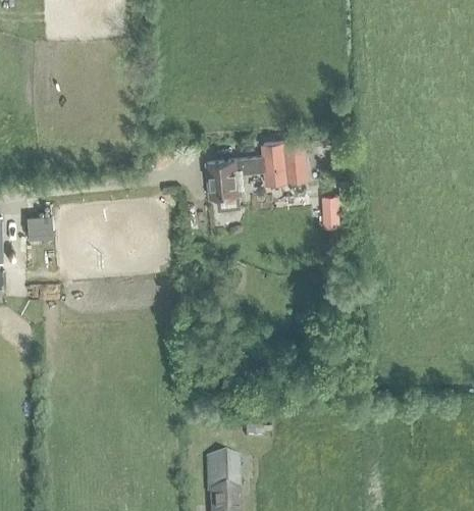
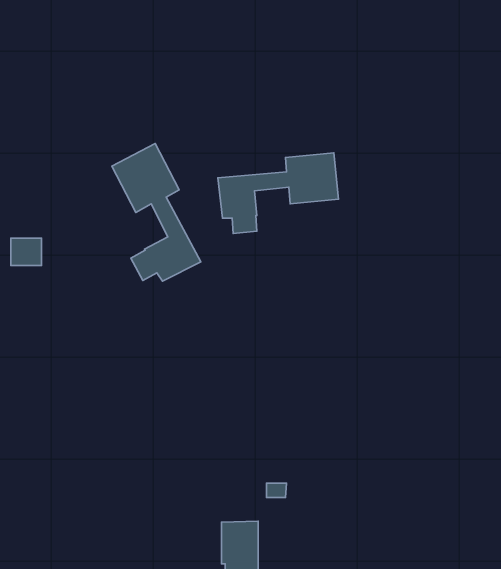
building: none -> [112,144,201,281]
building: [322,196,340,228] -> none

